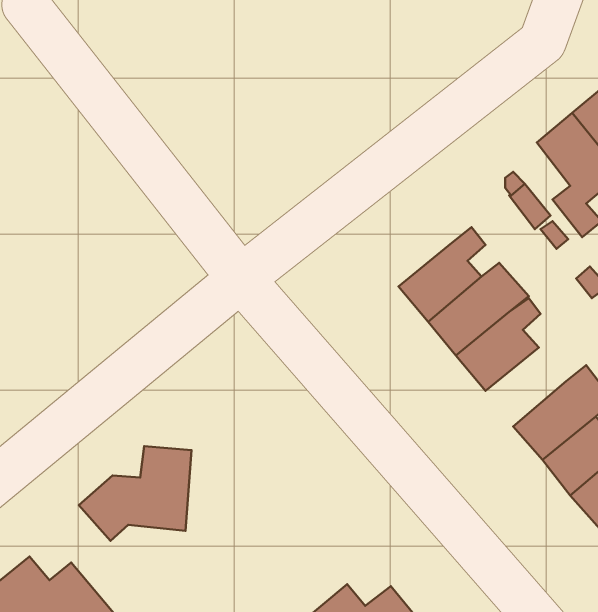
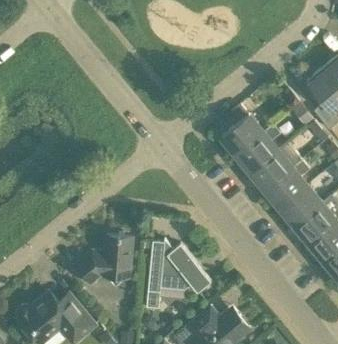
building: none -> [221,105,263,155]
building: none -> [280,186,321,226]
building: none -> [146,240,211,309]

